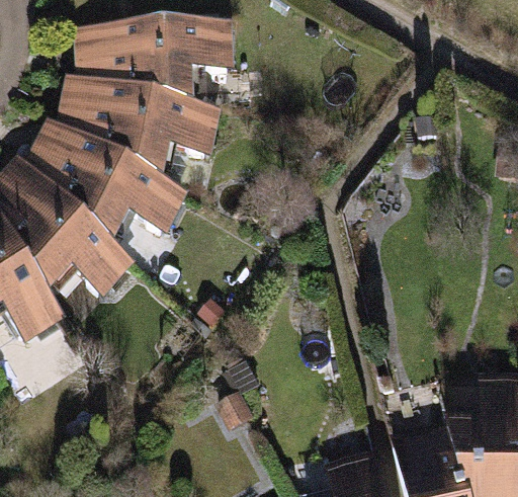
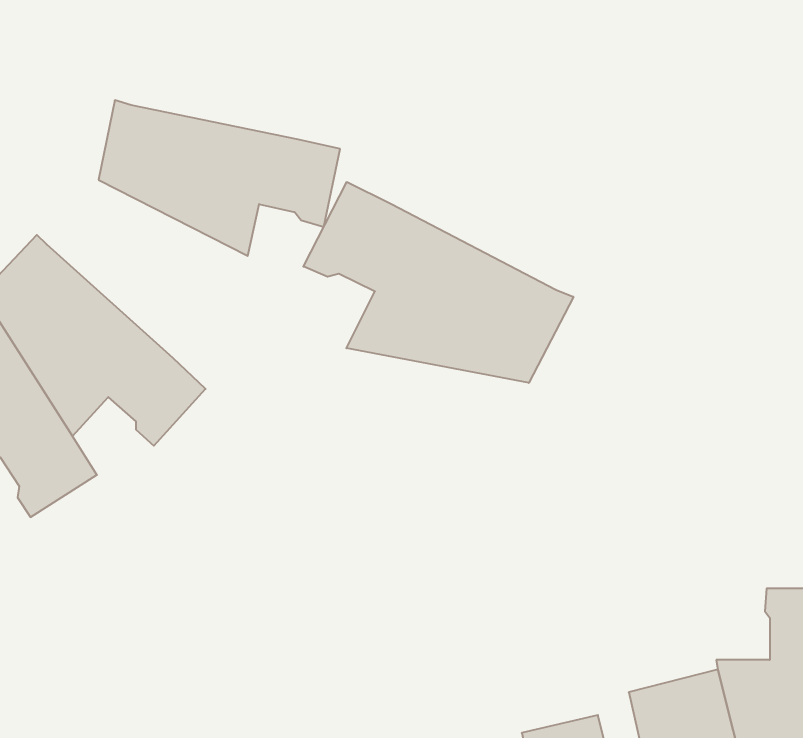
building: [82,20,228,100] -> none
building: [31,121,183,237] -> none
building: none -> [303,182,573,383]

